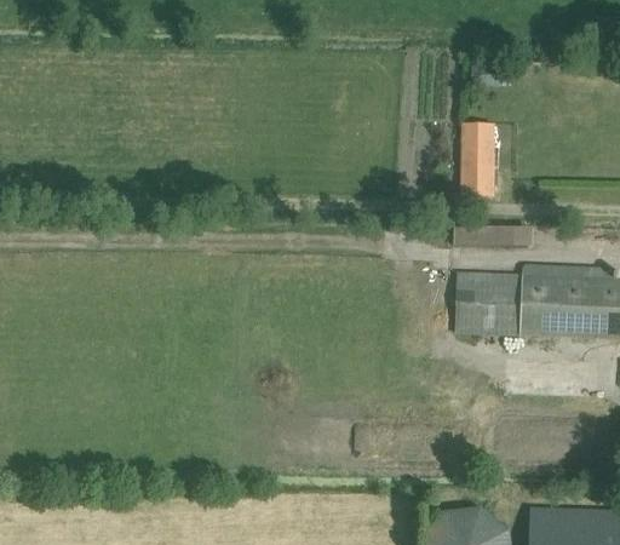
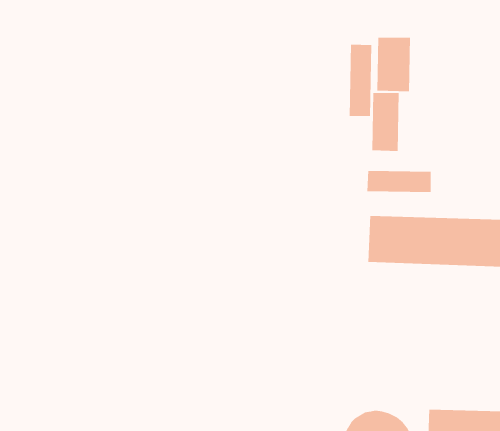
building: none -> [377,37,411,92]
building: none -> [349,44,372,117]

